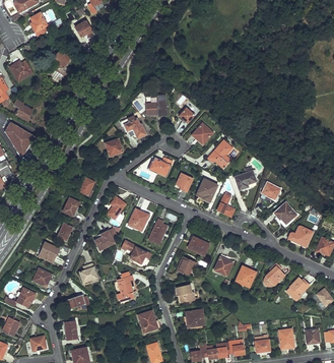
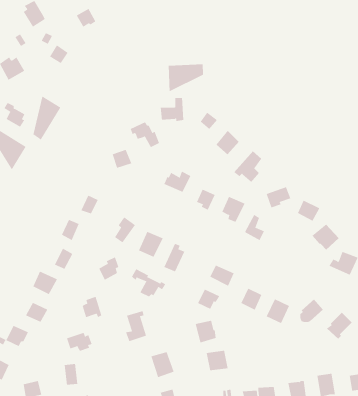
building: none -> [168,63,203,92]
building: none -> [33,95,61,141]

